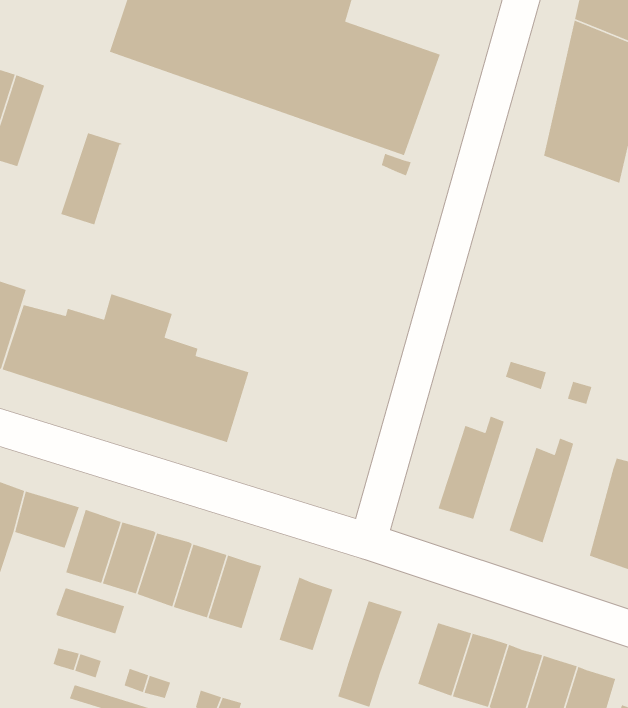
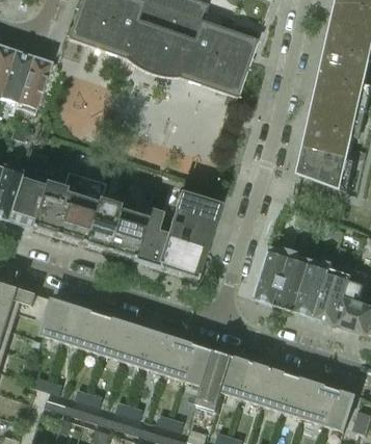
building: [60,132,122,225] -> [14,56,49,109]
building: none -> [296,97,356,188]
building: none -> [133,188,217,279]
building: none -> [273,247,309,310]
building: none -> [313,267,352,324]
building: none -> [141,330,174,372]
building: [56,587,125,635] -> none
building: none -> [182,343,213,385]
building: none -> [220,356,253,397]

